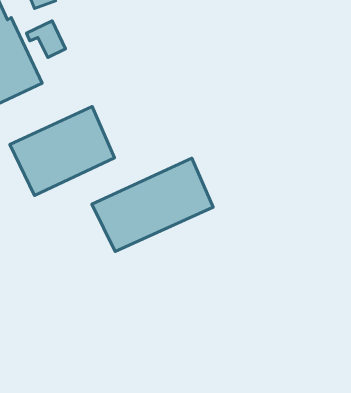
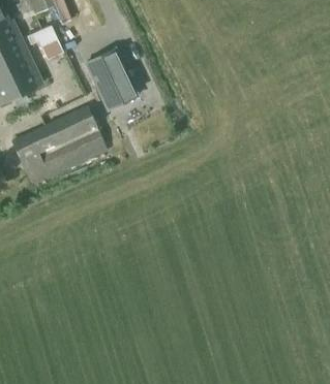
building: none -> [86,49,138,109]
building: [92,158,213,251] -> none

